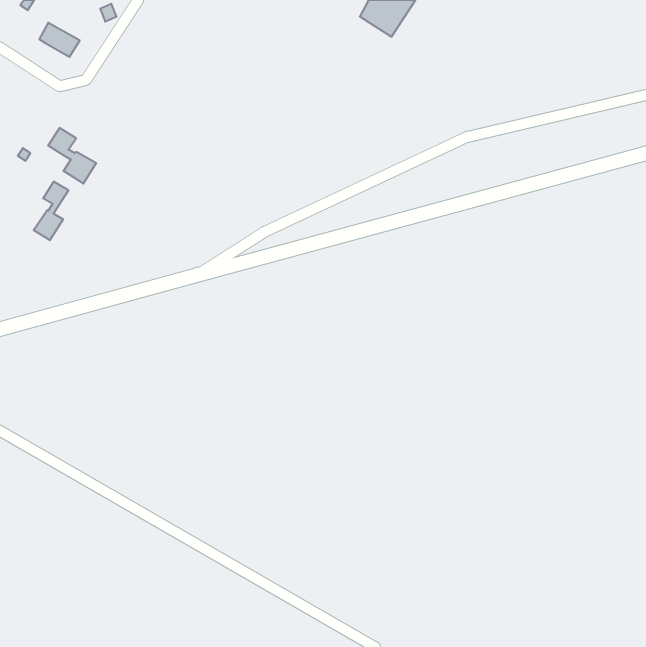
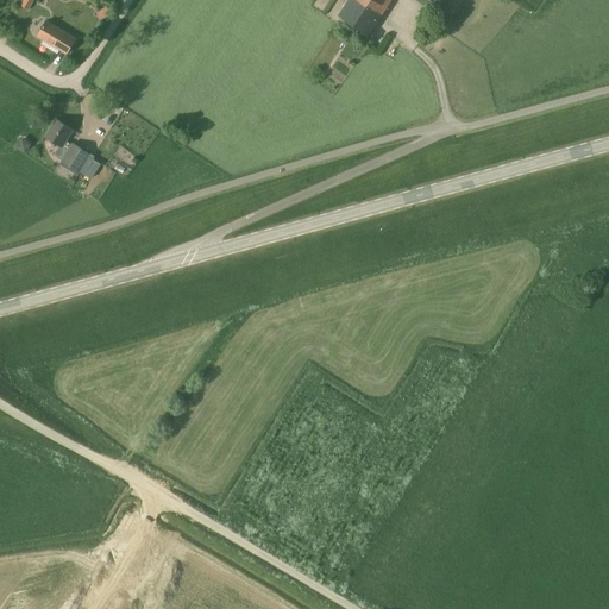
building: [34,181,68,240] -> none

